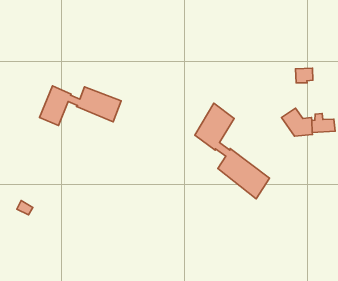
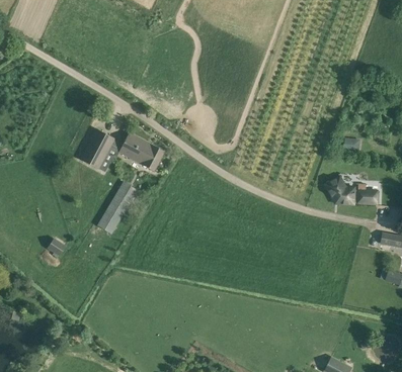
building: [195,103,269,199] -> none
building: none -> [97,182,138,234]

